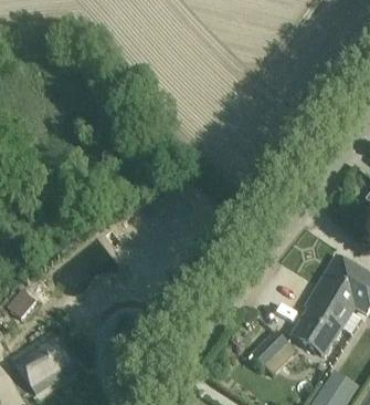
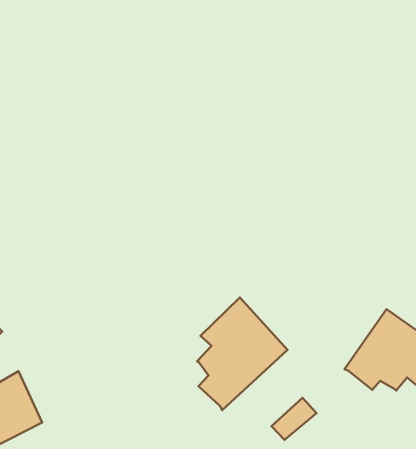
building: none -> [197,298,288,410]
building: [293,305,349,354] -> none

